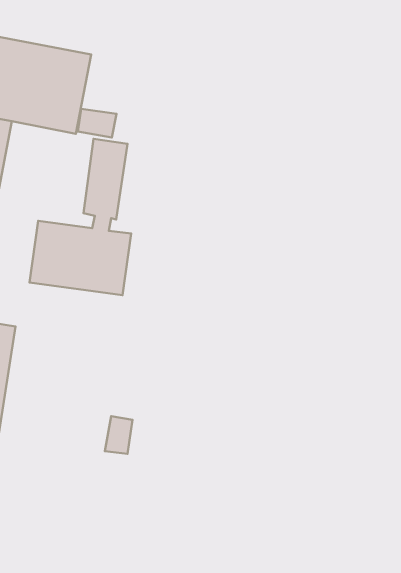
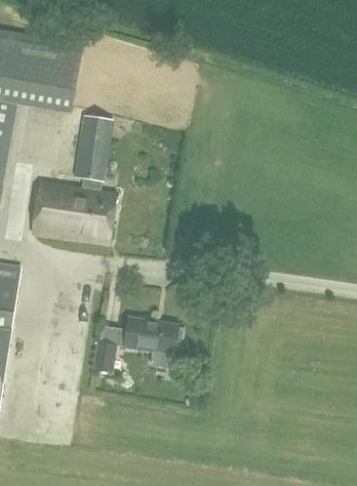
building: [78,109,117,138] -> none
building: none -> [124,317,182,367]

